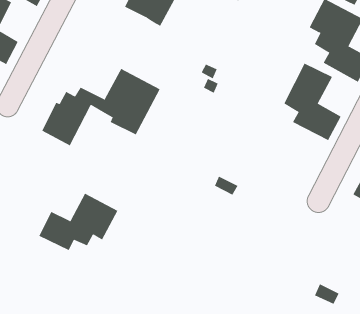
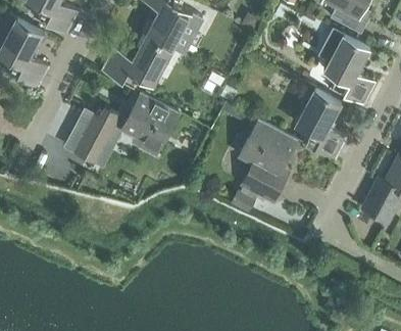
building: none -> [102,36,173,88]
building: none -> [239,119,296,203]
building: [38,193,118,251] -> none

